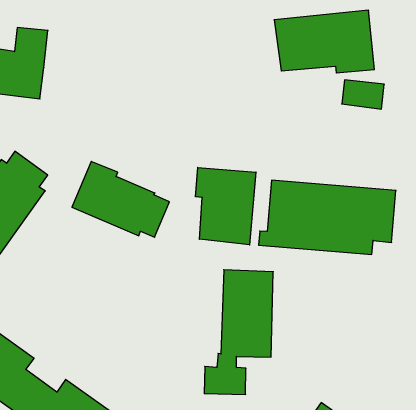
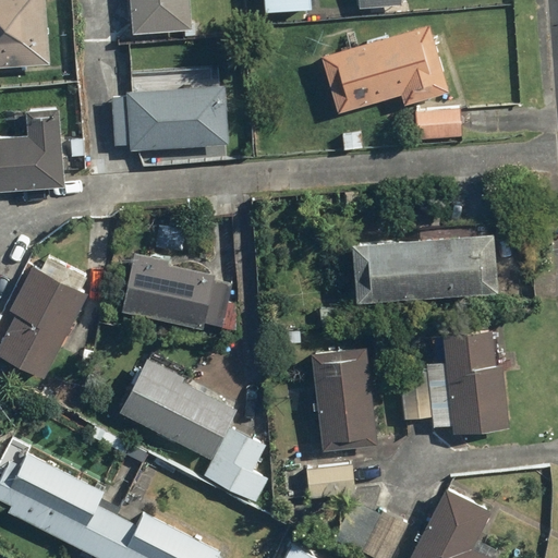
building: none -> [128,86,228,151]
building: [196,167,256,245] -> none
building: none -> [119,359,267,505]
building: none -> [401,331,509,433]

